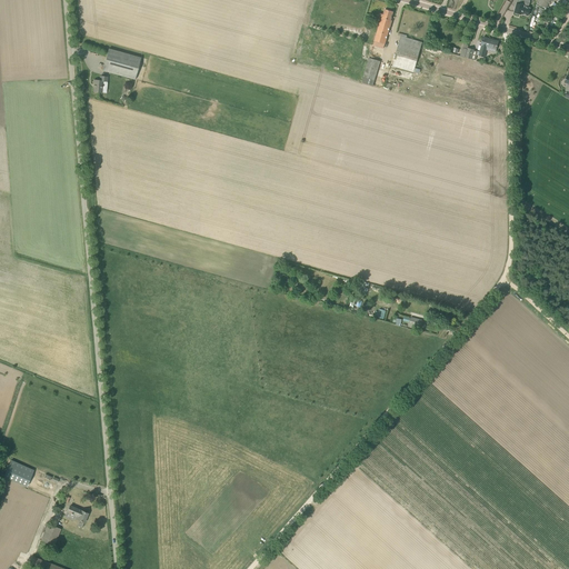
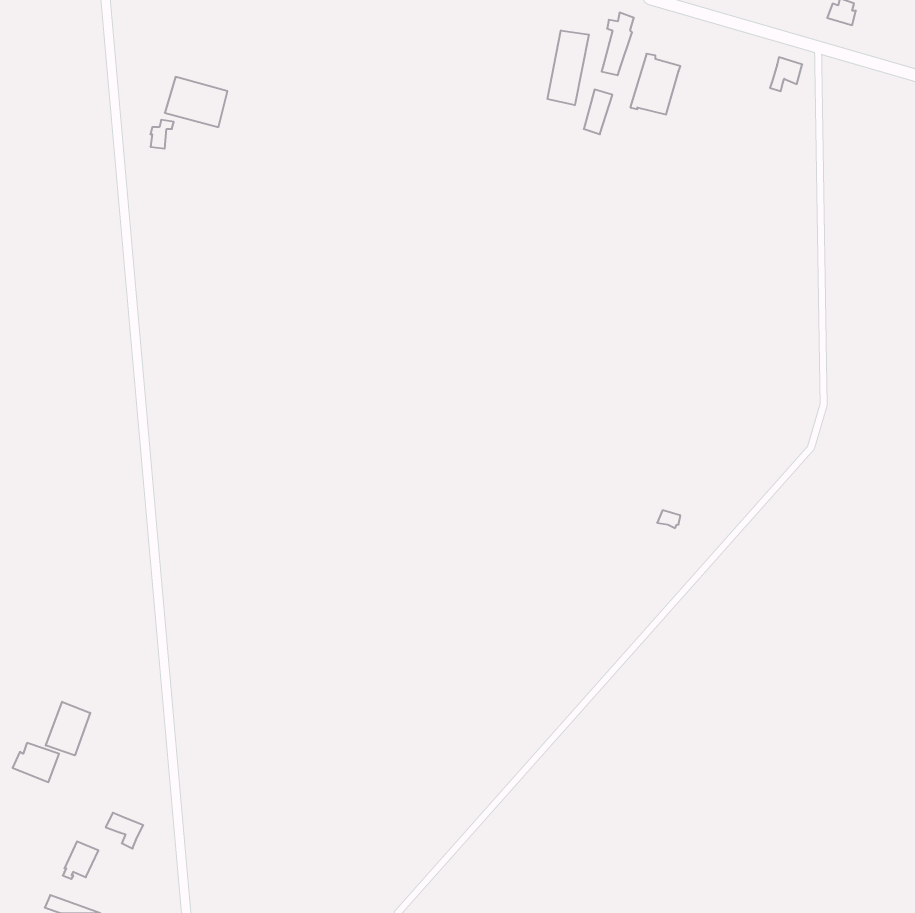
building: none -> [548,30,589,105]
building: none -> [46,702,90,755]

